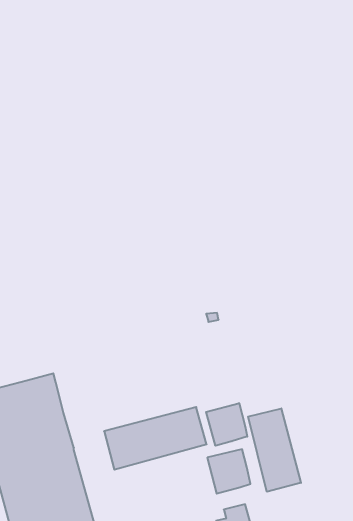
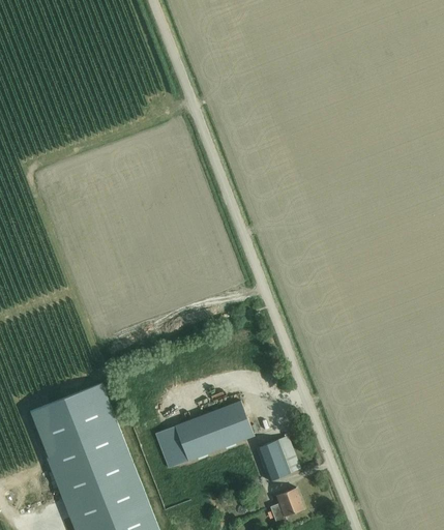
building: [206,403,247,446] -> none
building: [248,408,301,492] -> none

